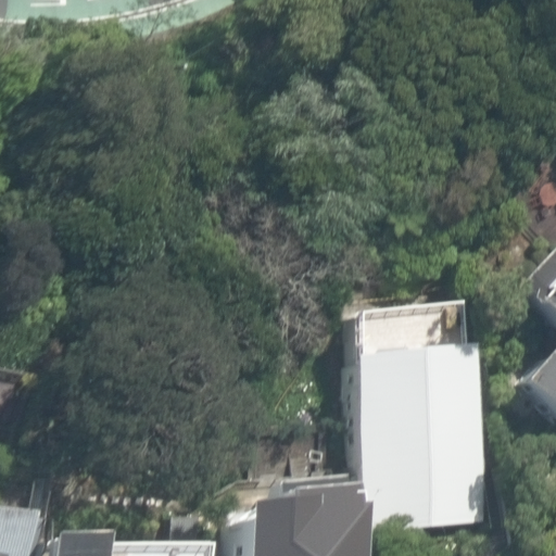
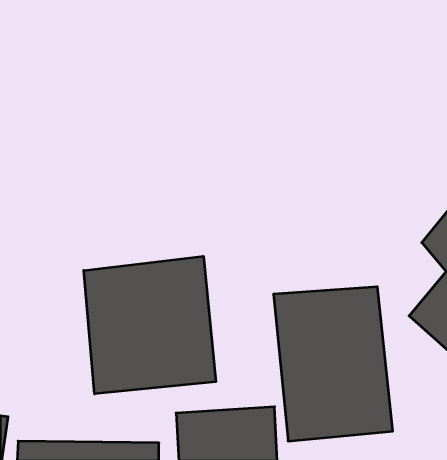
building: none -> [84,256,216,394]

